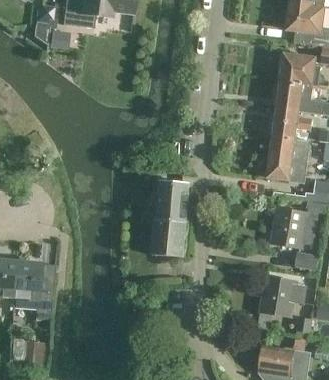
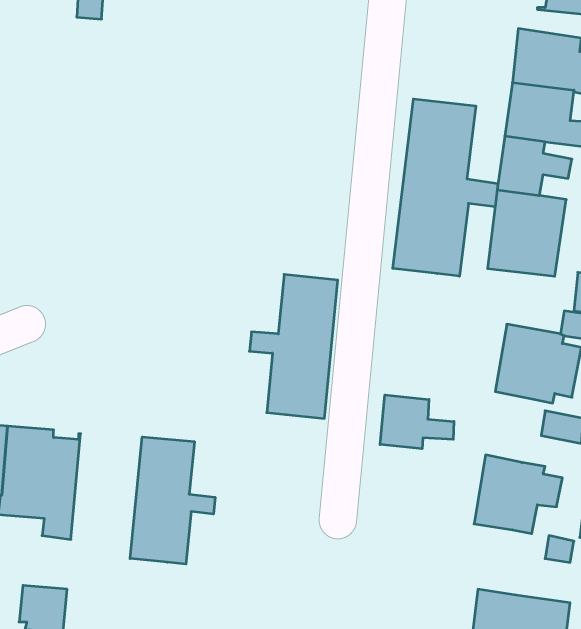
building: none -> [393,99,498,276]
building: none -> [380,395,454,449]
building: none -> [130,437,215,564]

